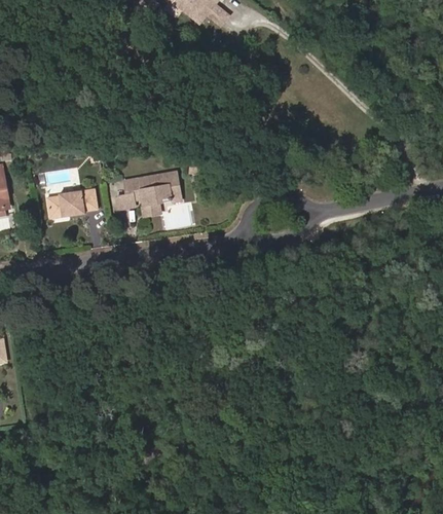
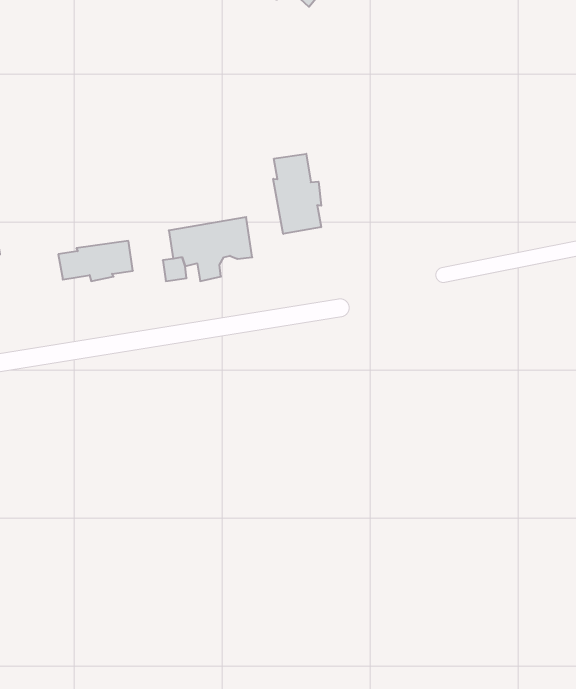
building: none -> [273,154,321,234]

